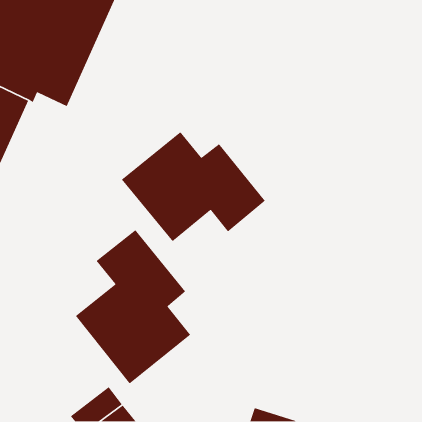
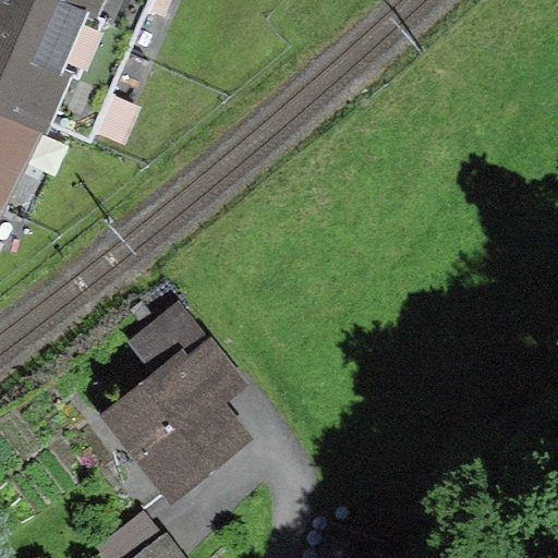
building: [121,131,266,242] -> none

